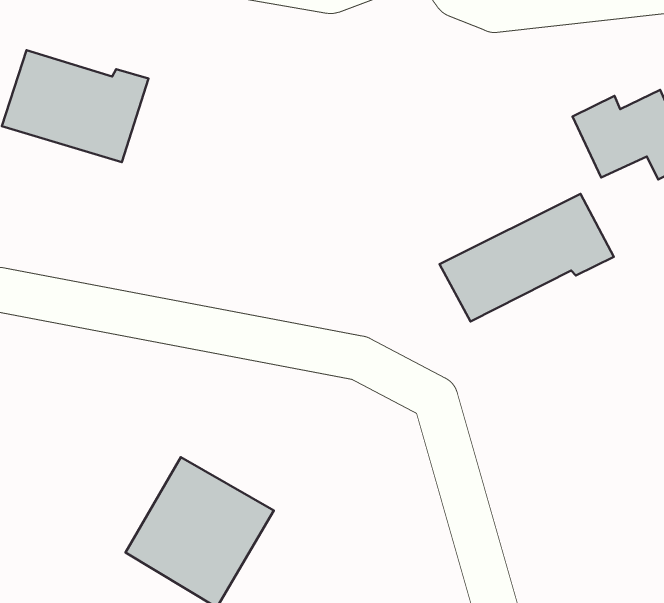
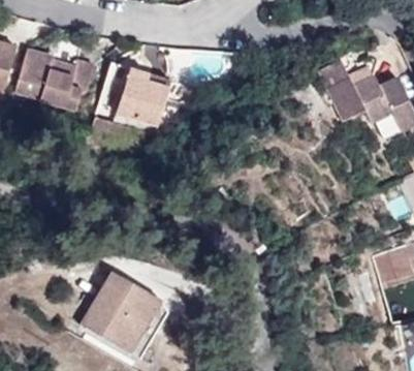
building: none -> [99,63,171,124]
building: [440,194,614,321] -> none

